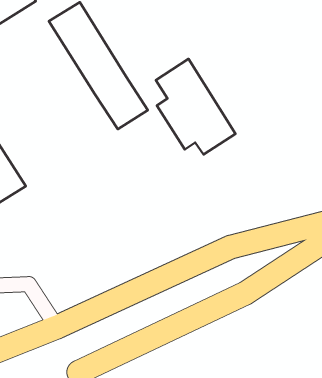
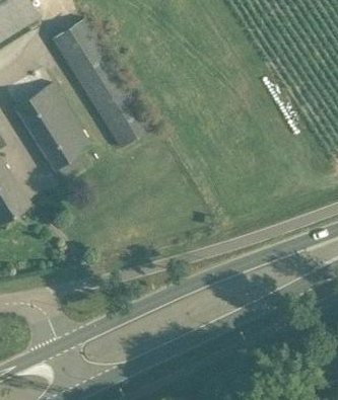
building: [156,59,236,154] -> none
building: none -> [14,82,91,181]

